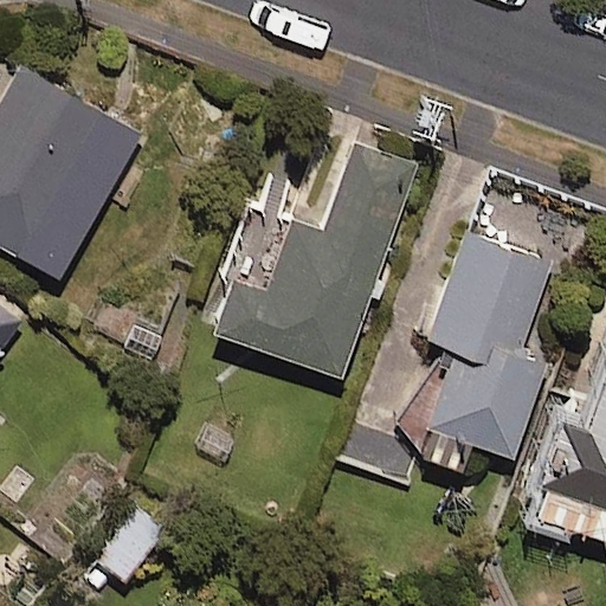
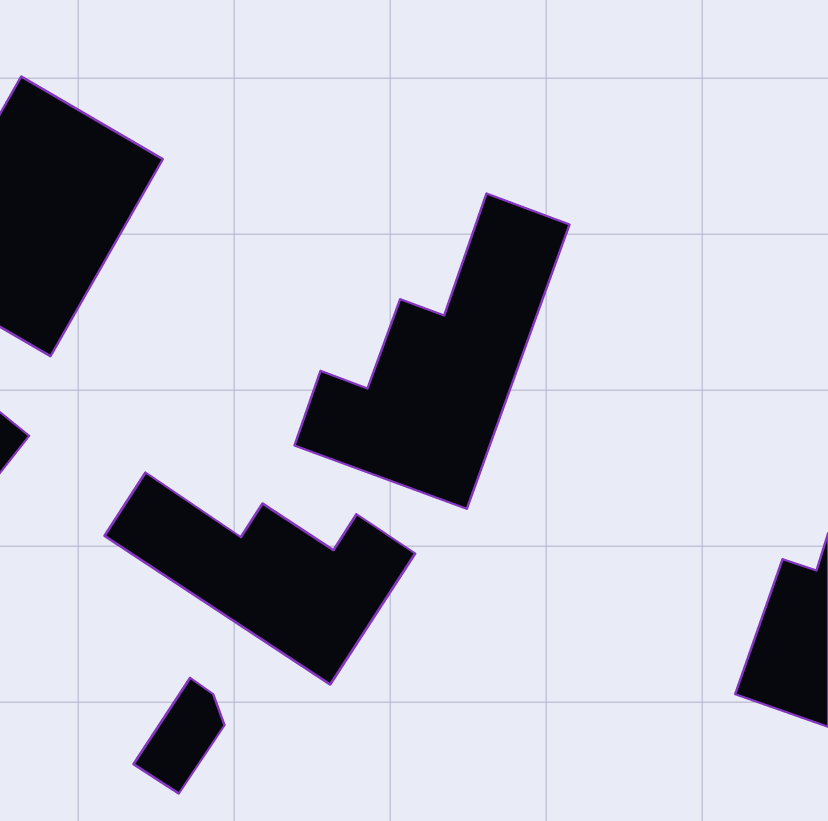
building: [415,230,554,470] -> none
building: none -> [105,473,415,685]

